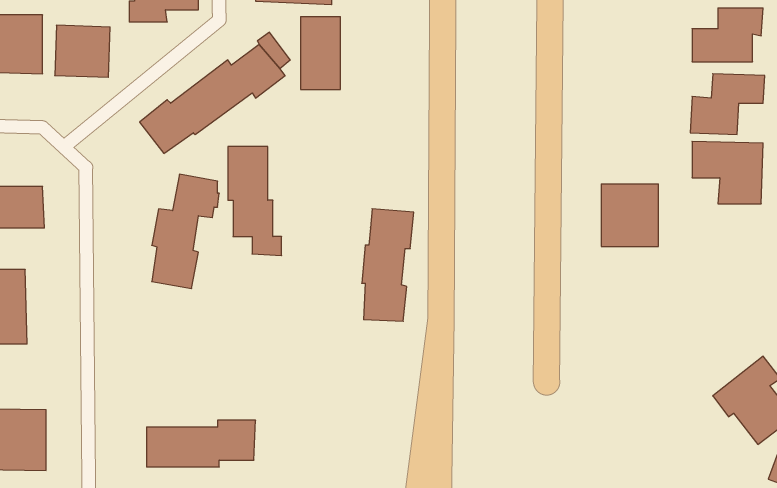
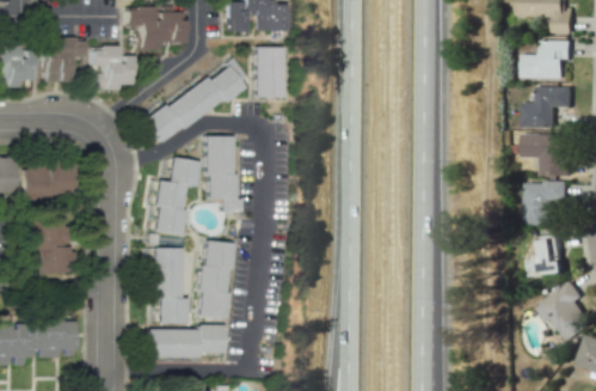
building: [601,184,658,246] -> [529,183,569,226]
building: [362,209,414,321] -> [197,239,233,317]
building: none -> [530,236,567,277]
building: none -> [154,248,188,323]

